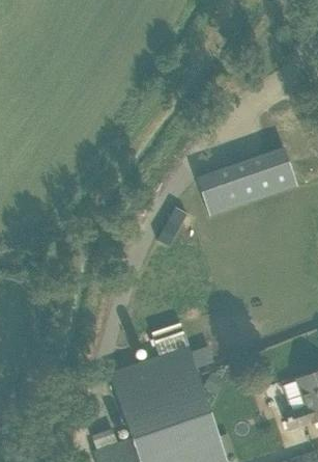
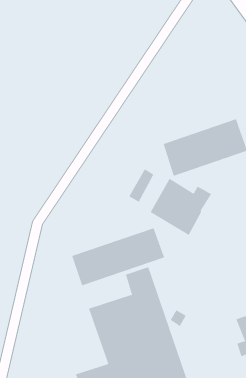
building: none -> [150,178,212,236]
building: none -> [71,228,165,286]

